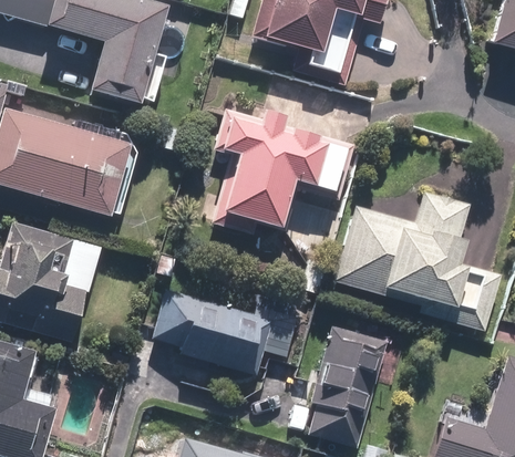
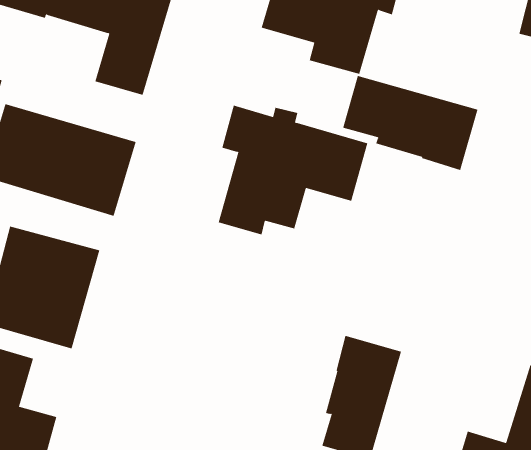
building: none -> [343,75,478,171]
building: [334,191,499,329] -> none
building: [152,289,296,375] -> none

